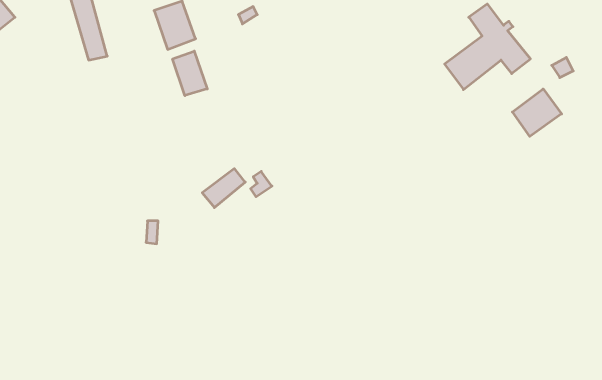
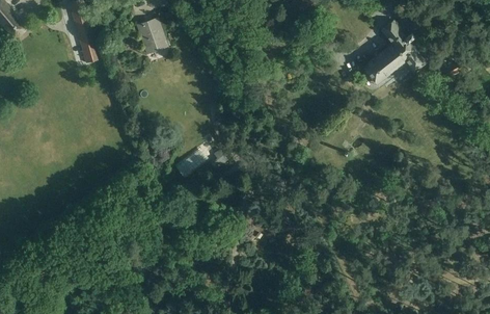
building: [173,51,207,96] -> none
building: [512,89,562,136] -> none

